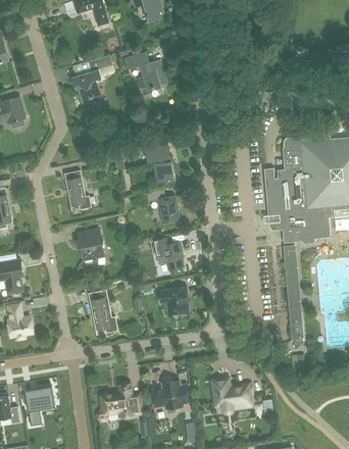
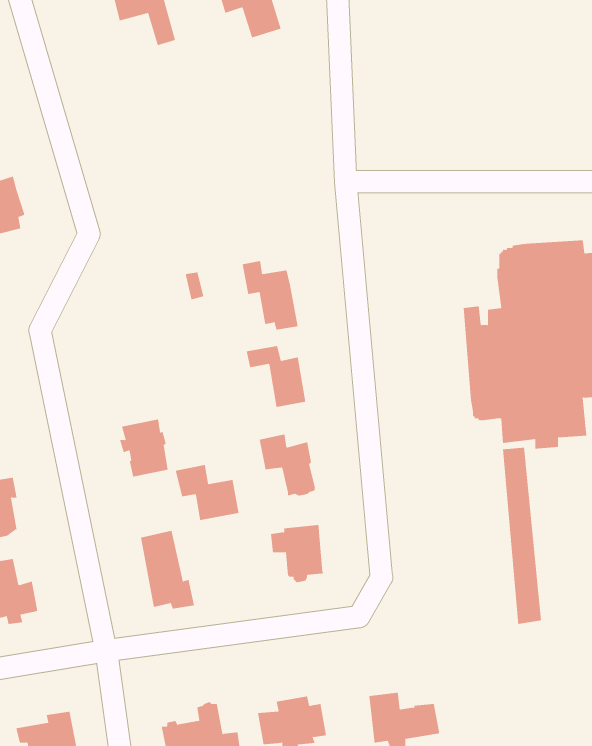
building: [122,52,167,89] -> none
building: [70,55,111,103] -> none
building: [63,169,91,208] -> none
building: none -> [175,464,239,521]

